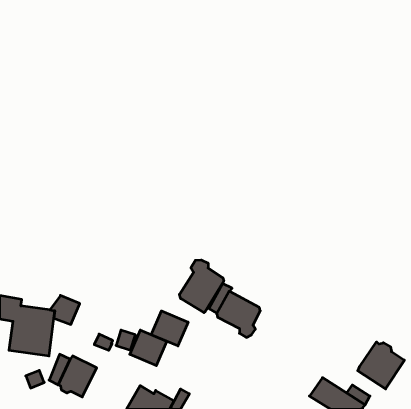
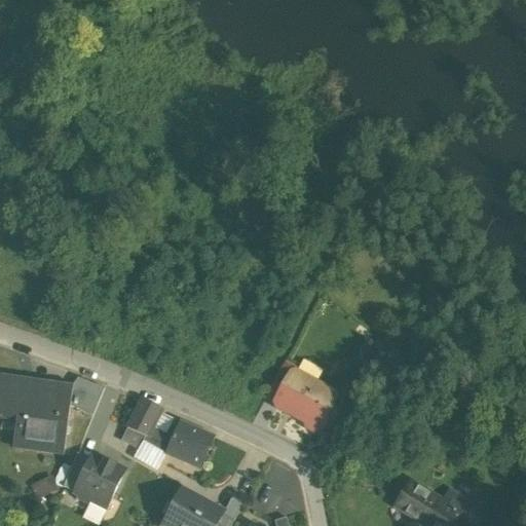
building: [179,260,224,313] -> none
building: [151,311,188,346] -> none
building: none -> [126,399,159,435]
building: [358,342,404,389] -> none

